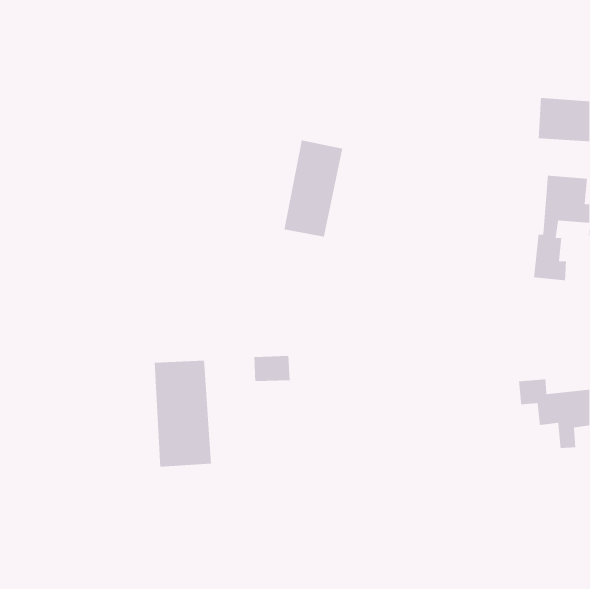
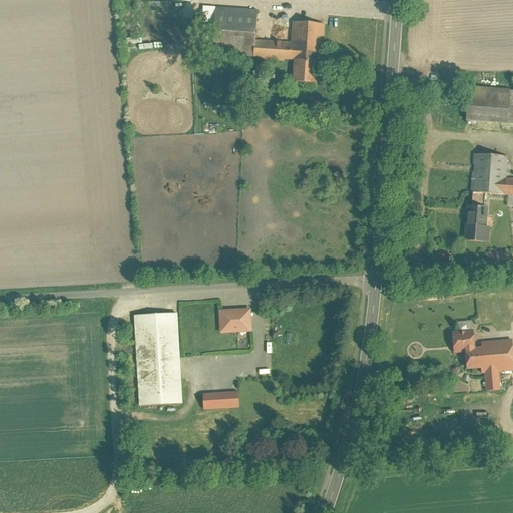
building: none -> [211,6,327,85]
building: [284,140,343,237] -> none
building: none -> [197,391,239,408]

